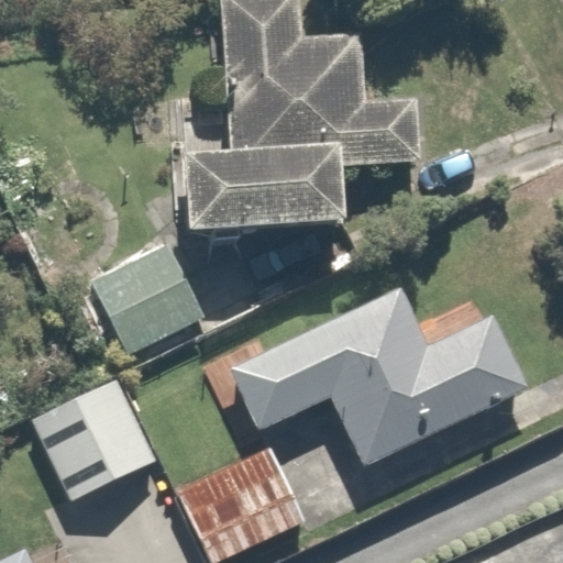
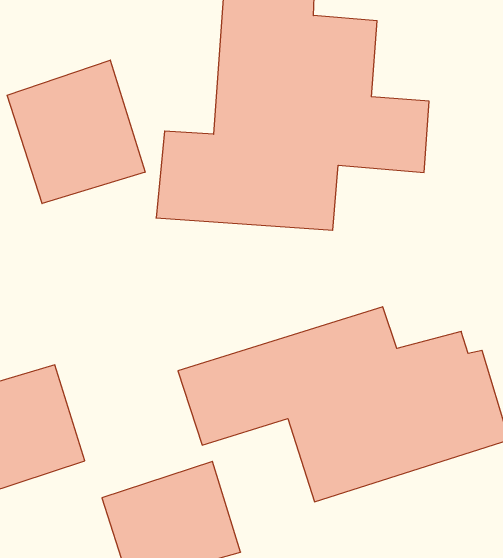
building: none -> [7,60,145,204]
building: [91,244,205,355] -> none

